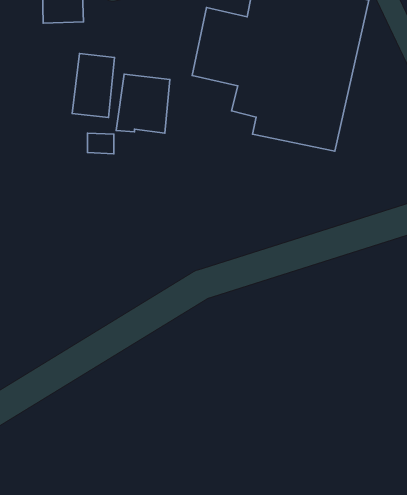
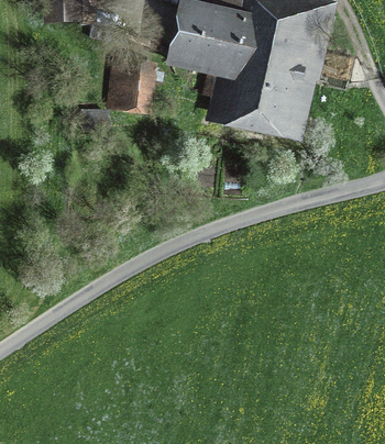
building: [72,54,115,118] -> none

